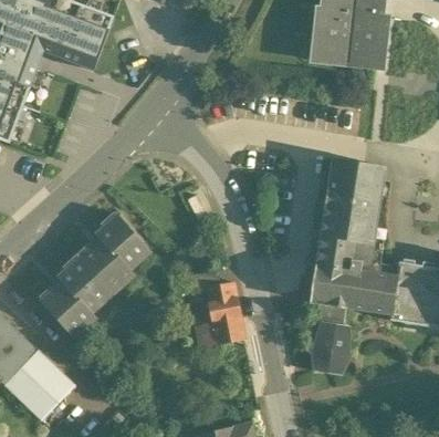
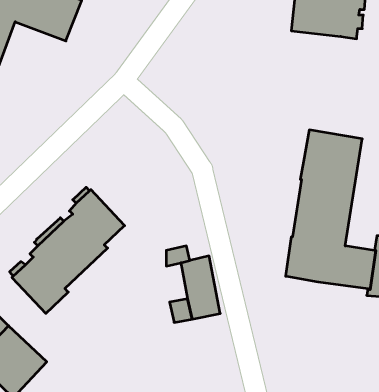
building: [309,301,347,375] -> none

